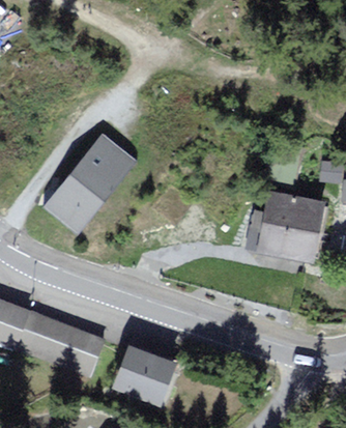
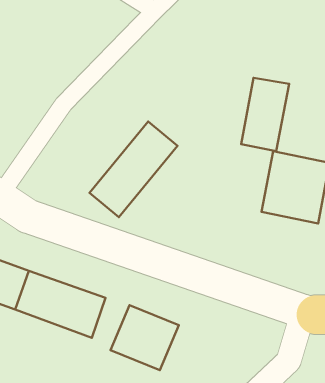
building: none -> [241,78,289,151]
building: [45,138,132,232] -> [90,122,178,217]

